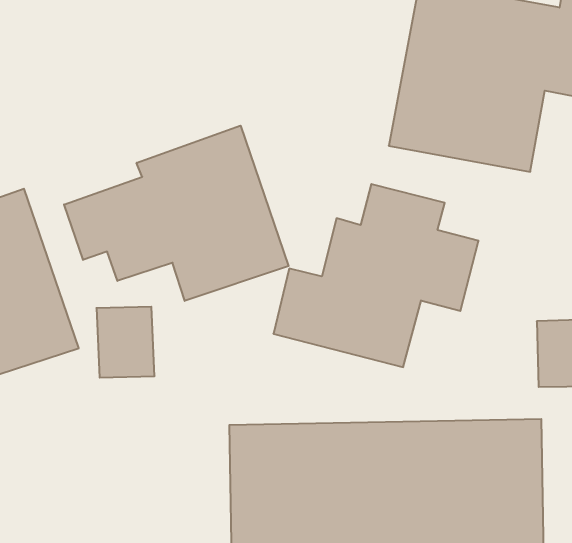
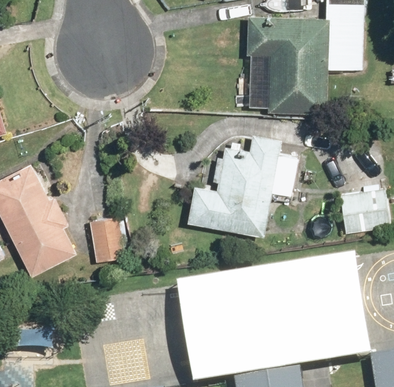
building: [64,126,289,301] -> none

